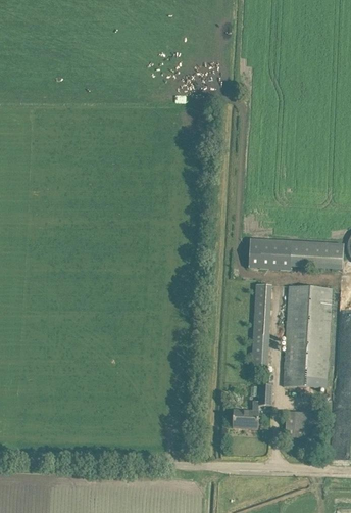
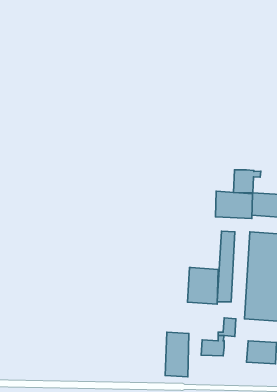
building: none -> [234,170,261,193]
building: none -> [187,267,218,304]
building: none -> [165,332,189,377]

